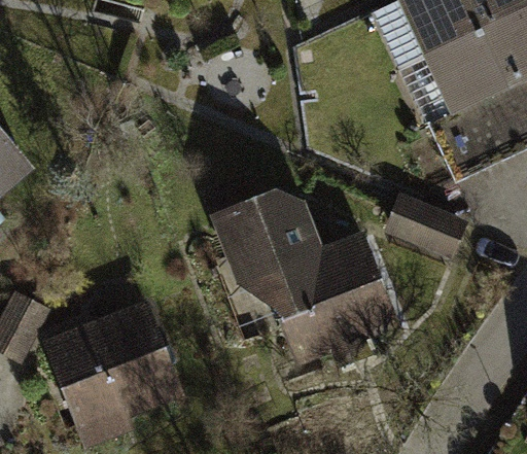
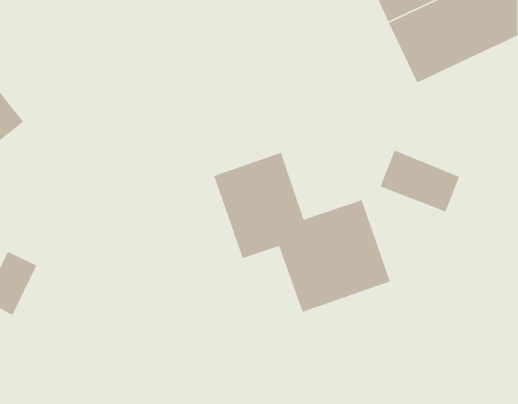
building: [35,301,173,432] -> none

